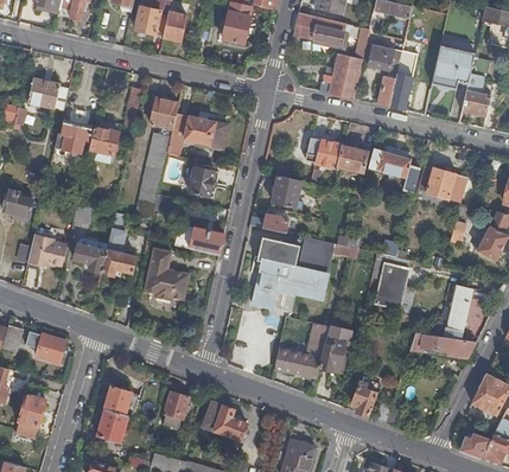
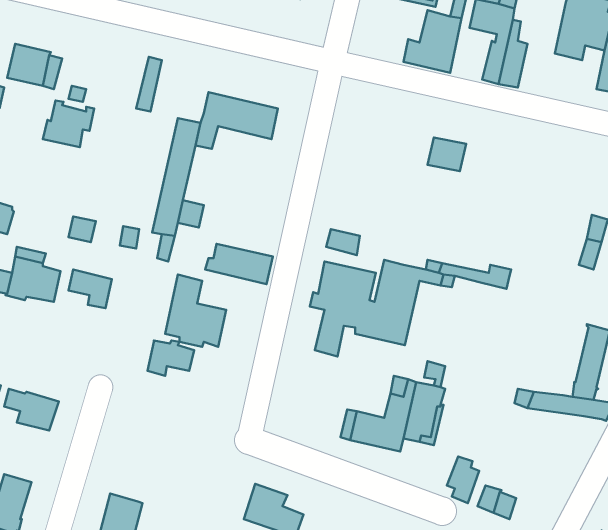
building: [148,96,178,128] -> none
building: [89,126,117,153] -> none
building: [304,136,343,167] -> none
building: [367,148,411,178] -> none
building: [415,165,454,200] -> none
building: [187,166,215,196] -> none
building: [271,176,300,206] -> none
building: [100,249,134,275] -> [147,340,194,376]
building: [374,261,407,310] -> none
building: [103,385,139,414] -> none
building: [161,391,187,429] -> none

